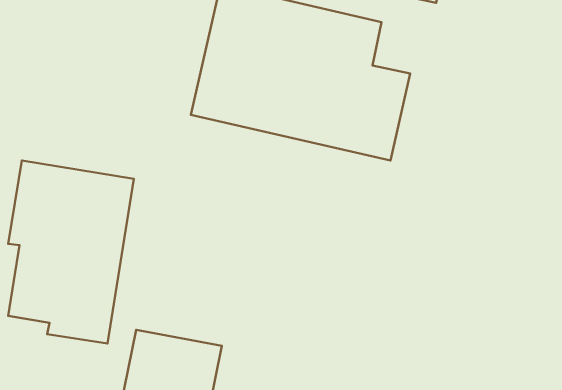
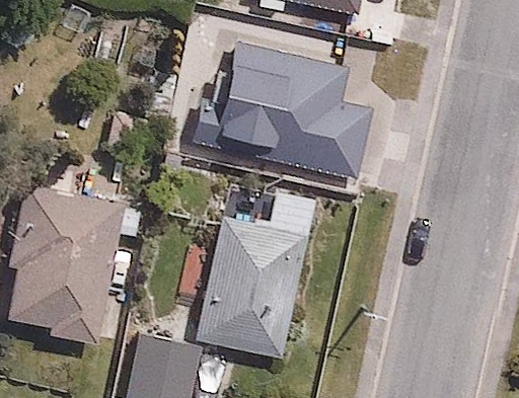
building: none -> [200,188,314,357]

